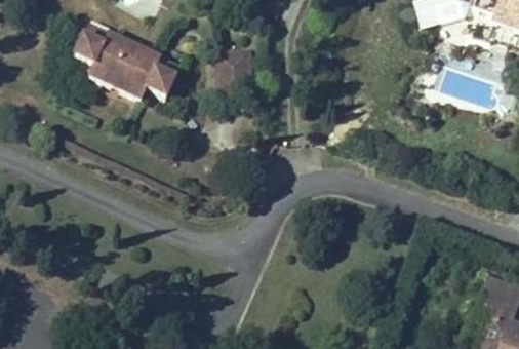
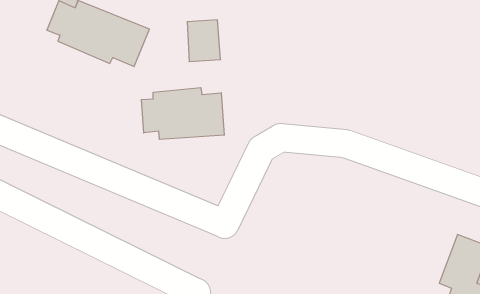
building: none -> [141,88,224,139]

